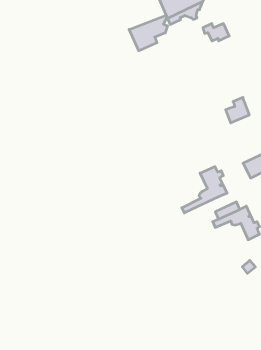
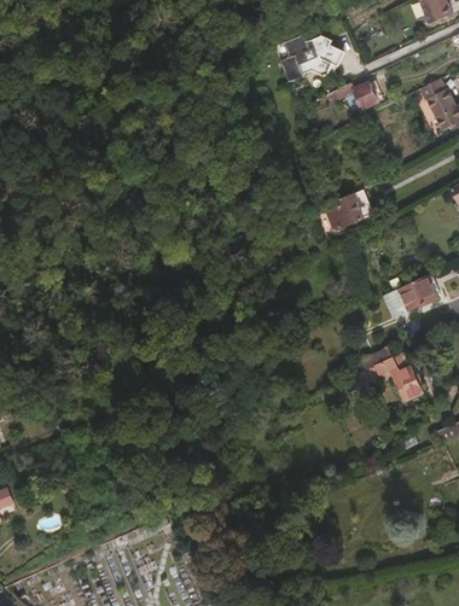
building: [129,16,168,51] -> none
building: [226,97,249,123] -> [327,193,362,231]
building: [182,167,227,213] -> none

